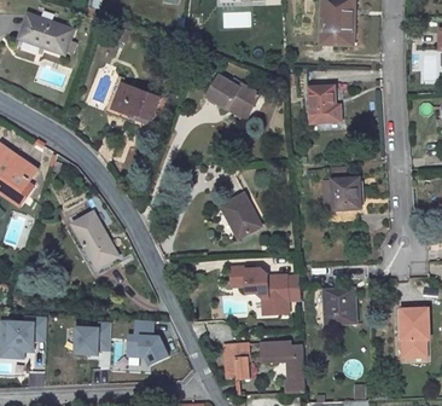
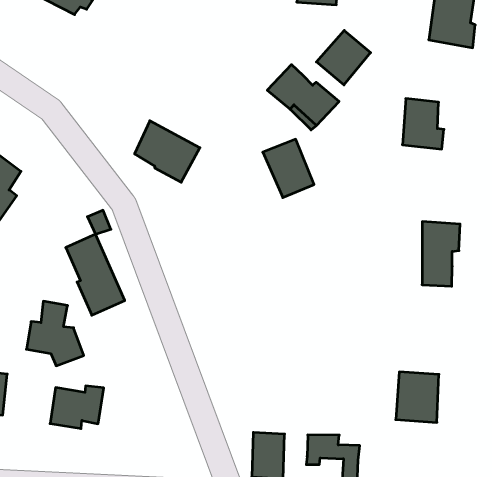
building: none -> [316,30,371,85]
building: [112,82,159,124] -> [135,121,200,182]
building: [219,191,258,234] -> [263,139,314,198]
building: [229,262,287,309] -> none
building: [127,318,169,364] -> [26,301,84,366]

